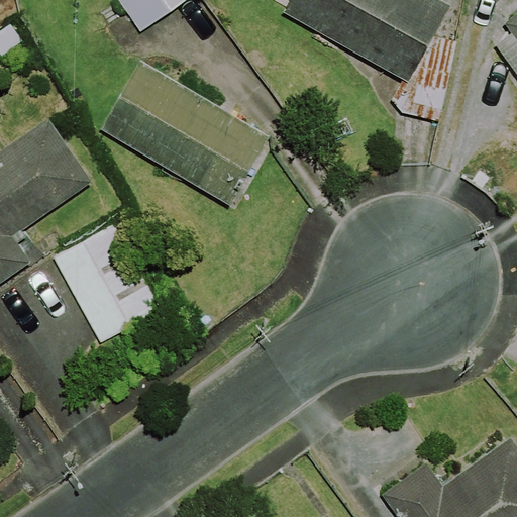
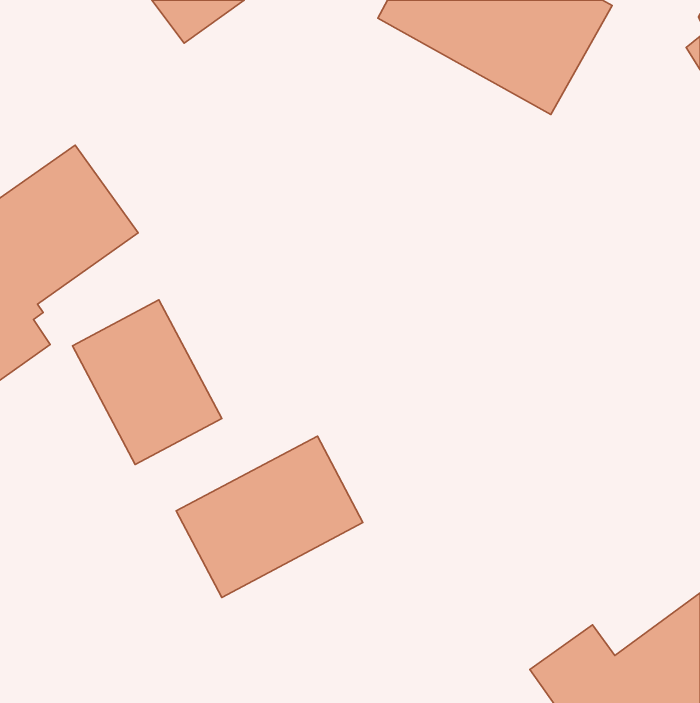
building: [103,59,273,201] -> none
building: none -> [176,436,363,597]

